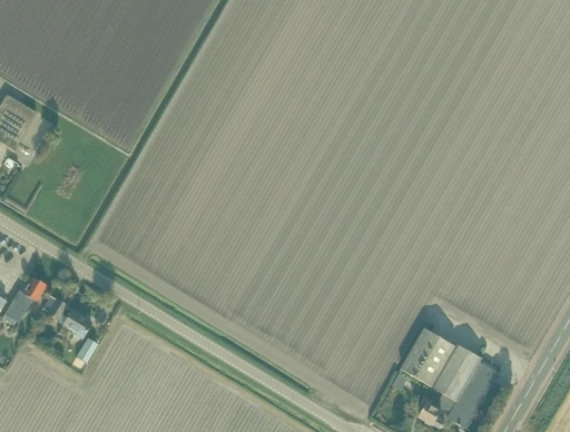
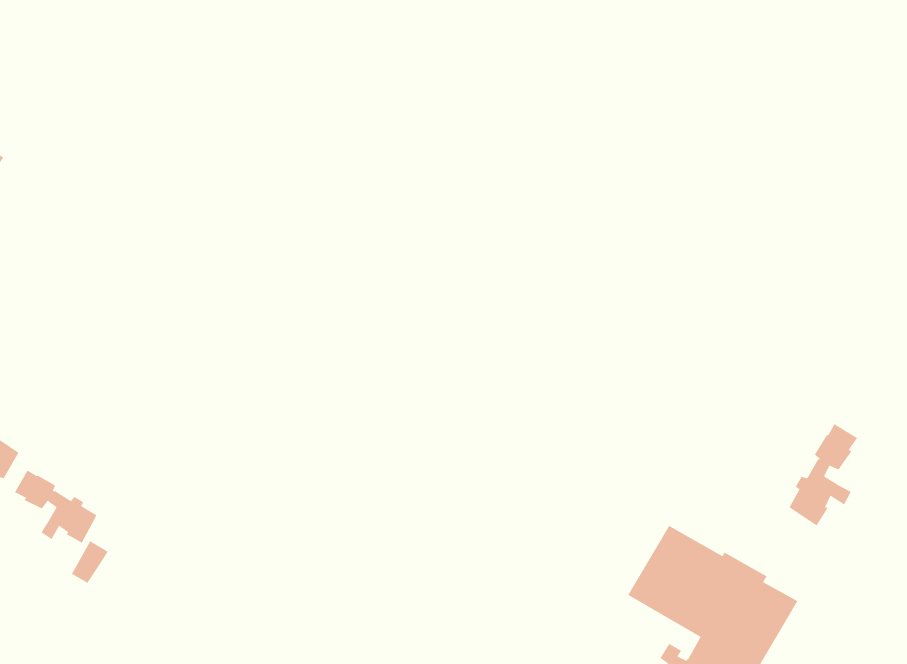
building: none -> [788,423,858,526]

